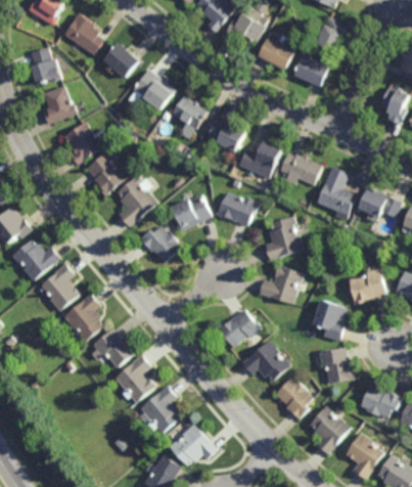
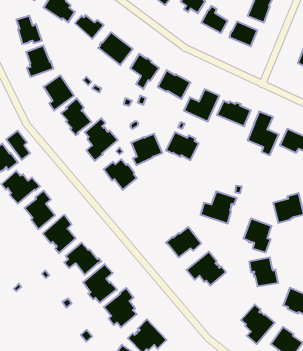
building: none -> [6,131,30,160]
building: [264,216,304,261] -> none
building: [275,378,313,419] -> none

